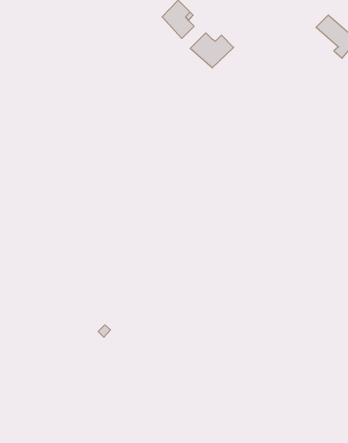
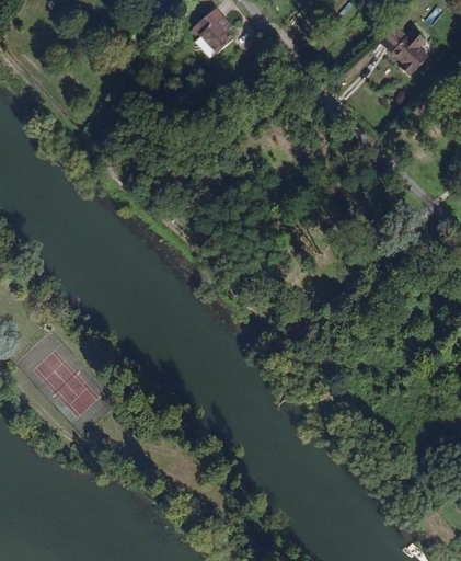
building: [190,33,234,68] -> none

